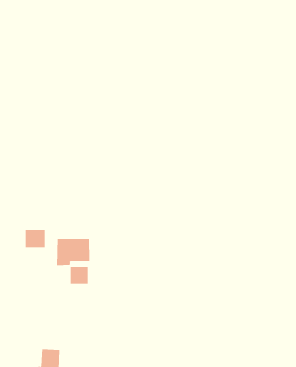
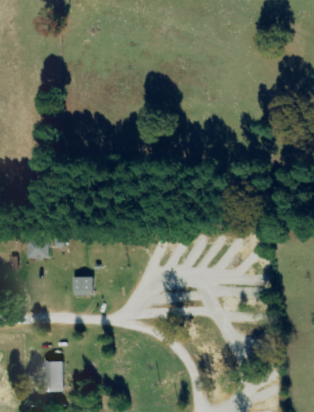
building: [56,238,90,266] -> none

